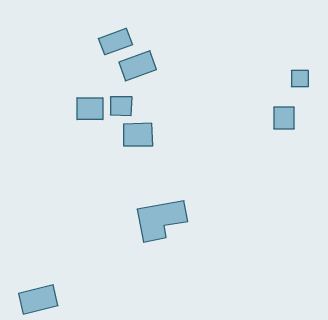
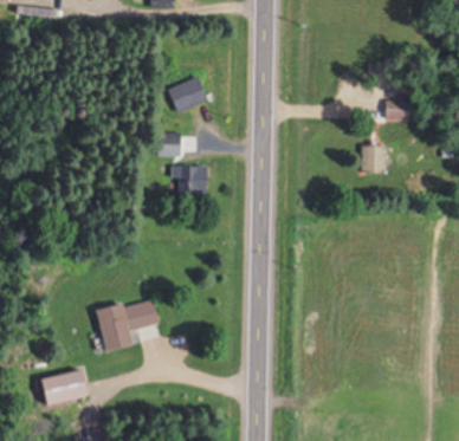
building: [98,28,132,55] -> none
building: [77,98,103,120] -> none
building: [137,201,188,242] -> [95,298,159,350]

